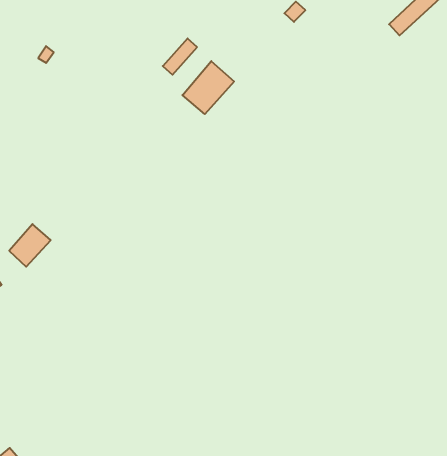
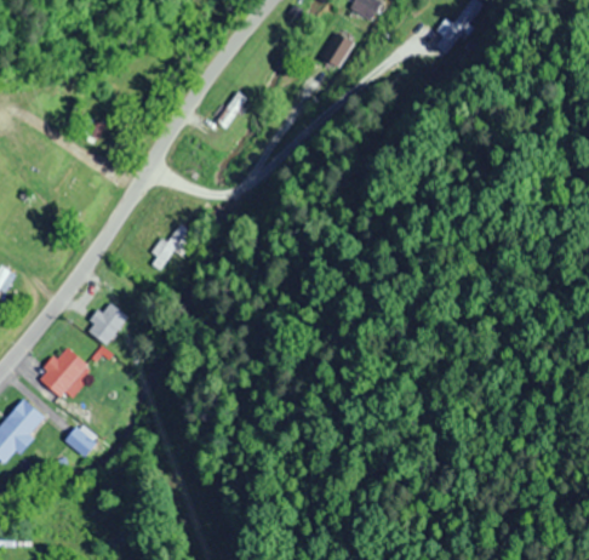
building: [182,61,234,114] -> none
building: none -> [151,223,195,270]

